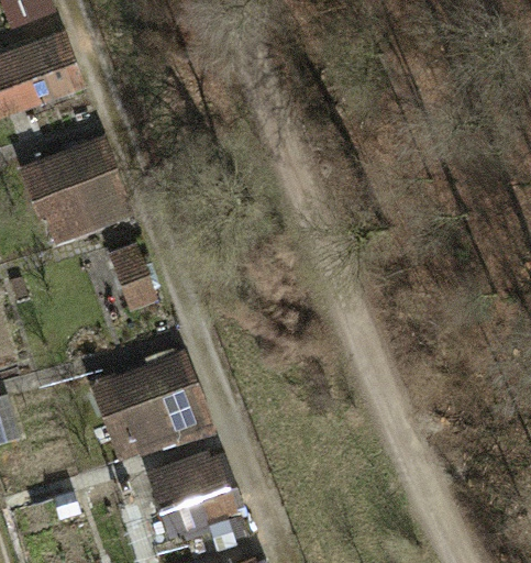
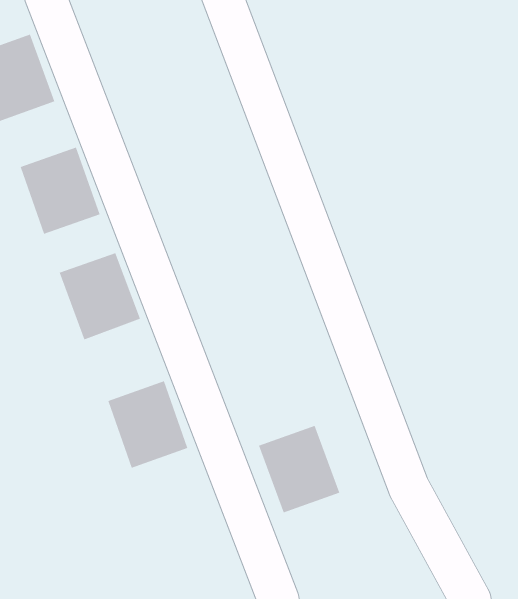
building: [157,461,233,542] -> [258,425,340,513]

